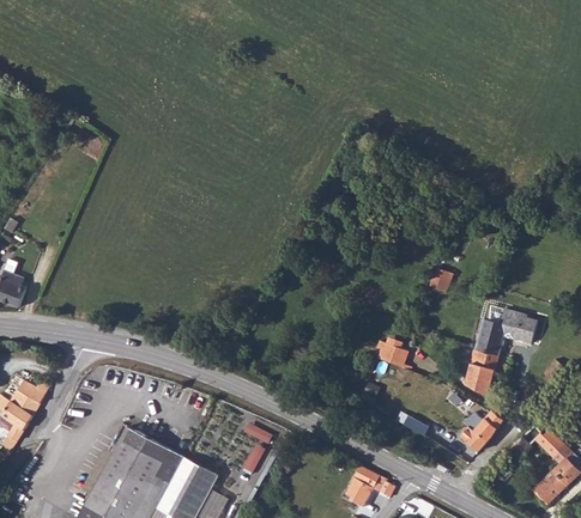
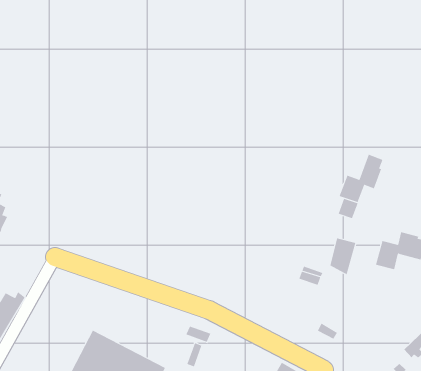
building: none -> [339,154,383,203]
building: [465,348,497,394] -> [330,238,356,275]
building: [459,414,501,452] -> none

